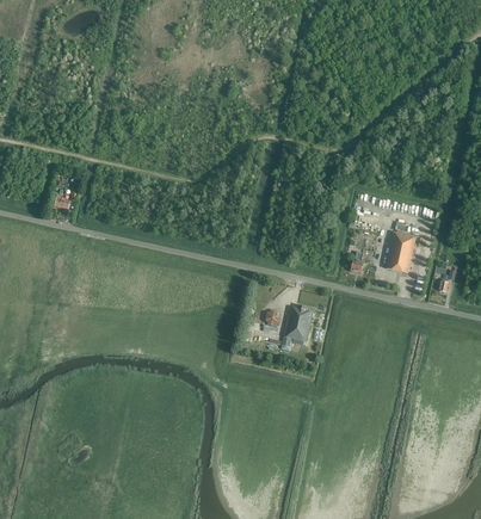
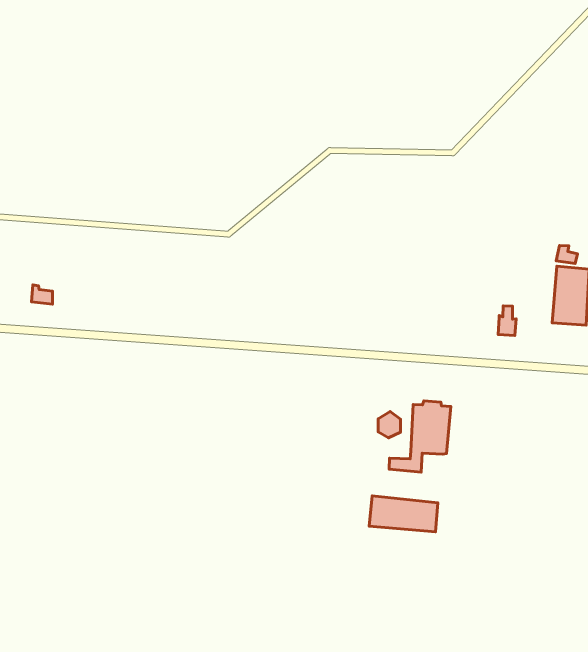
building: none -> [369,496,438,532]

